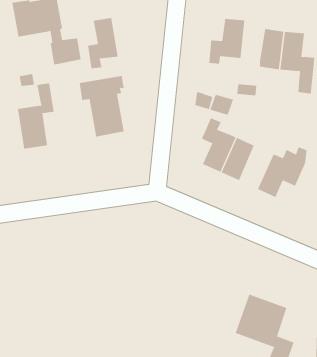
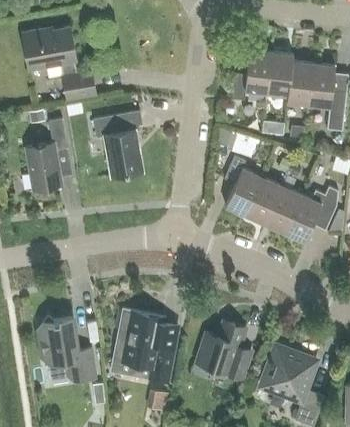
building: [87,17,118,69] -> none
building: none -> [267,52,293,96]
building: none -> [265,175,301,233]
building: none -> [113,309,178,382]
building: none -> [38,317,95,382]
building: none -> [196,321,251,379]

